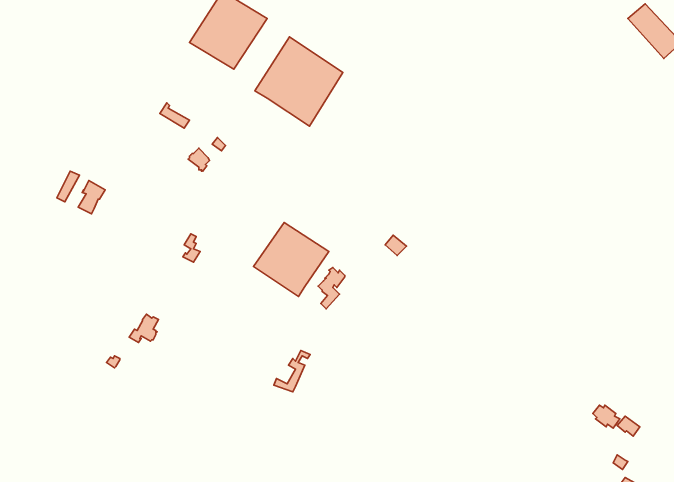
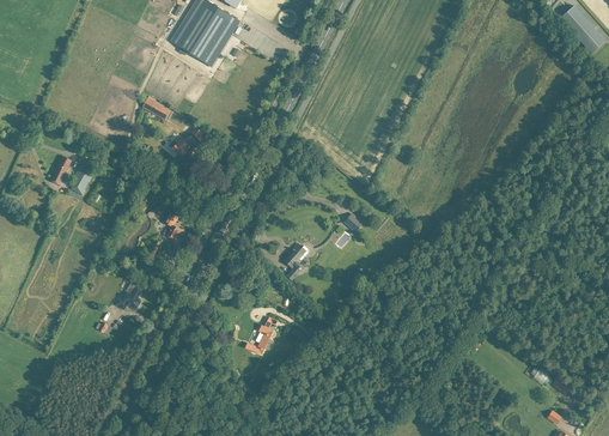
building: [255,37,343,126] -> none
building: [253,223,329,297] -> none

